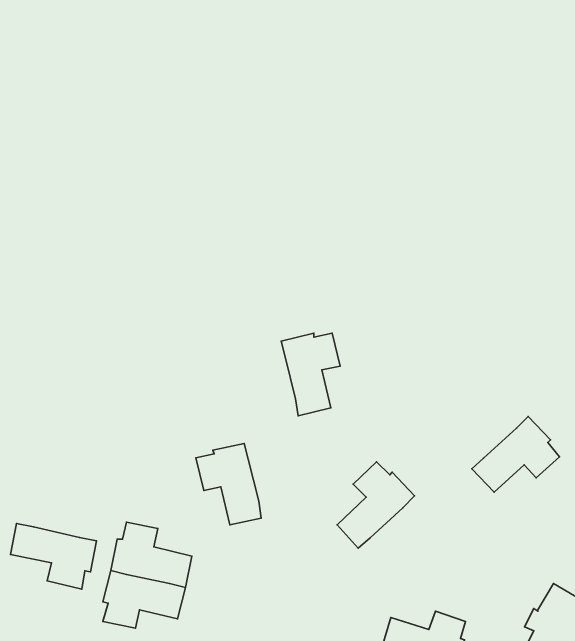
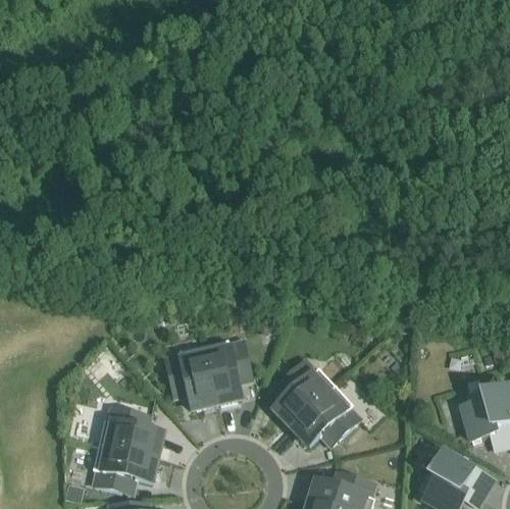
building: [281,333,340,416] -> [203,340,249,404]
building: [472,416,560,492] -> [292,387,360,446]
building: [10,523,96,589] -> none

